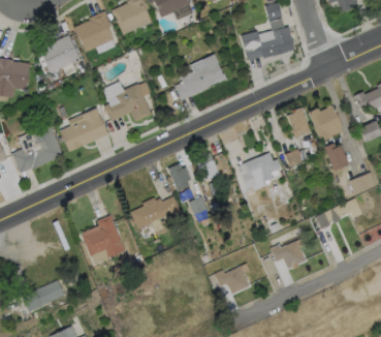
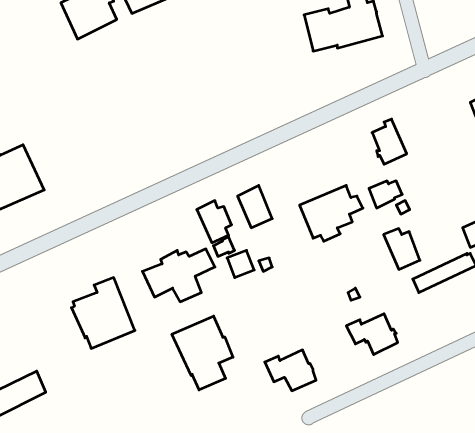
building: [38,34,80,73] -> none
building: [174,53,226,100] -> none
building: [102,81,152,122] -> none
building: [309,102,342,141] -> none
building: [60,108,107,152] -> none
building: [323,143,348,171] -> [384,229,420,269]
building: none -> [172,316,233,390]

